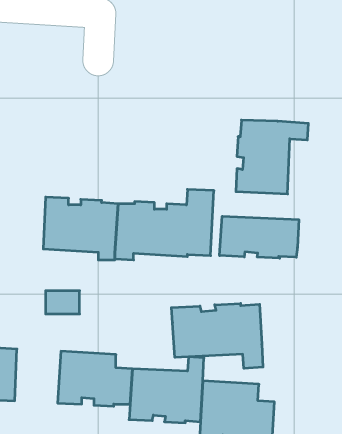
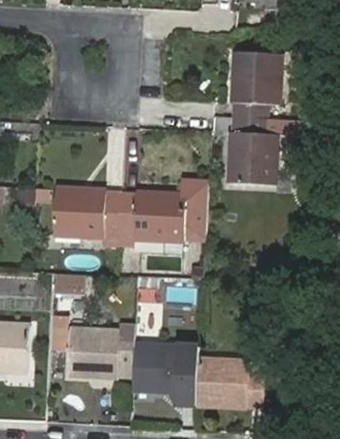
building: none -> [232,51,281,118]
building: [220,216,299,258] -> none
building: [171,303,263,368] -> none

